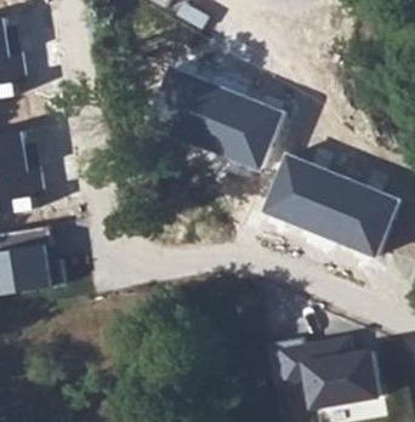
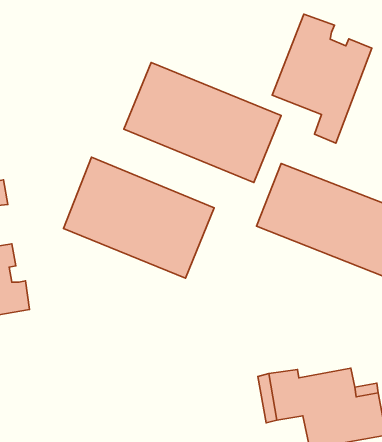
building: none -> [272,14,372,143]
building: none -> [64,157,214,278]

